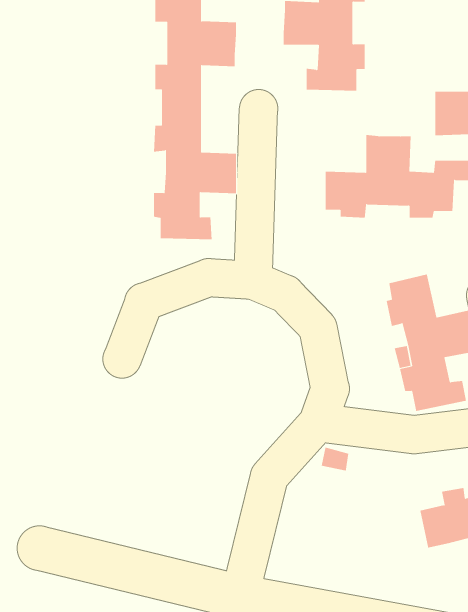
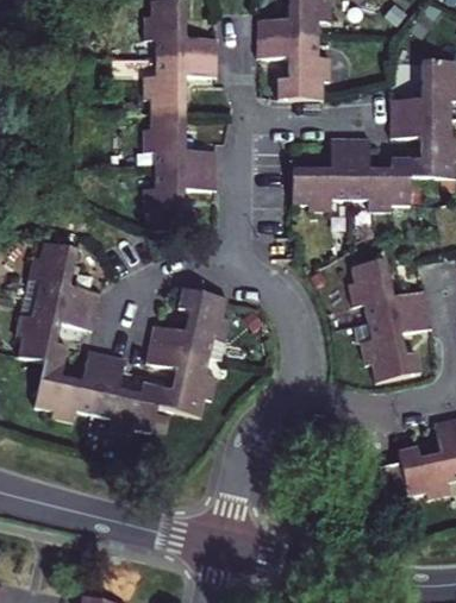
building: none -> [14,240,227,433]

